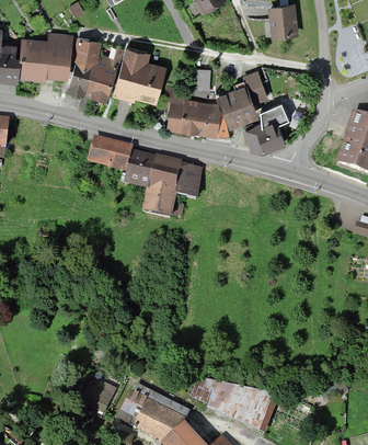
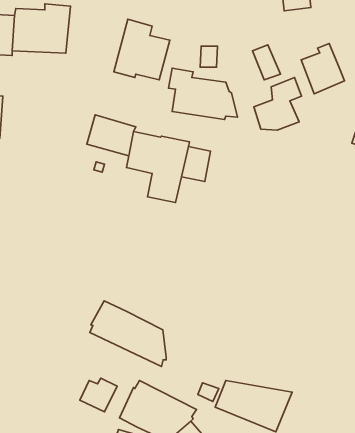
building: [67,35,122,99] -> none
building: [218,78,258,125] -> [301,43,344,94]
building: none -> [90,301,166,367]

